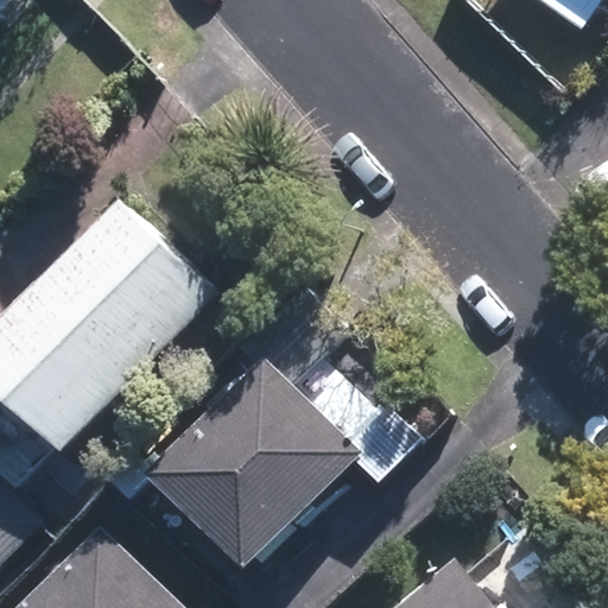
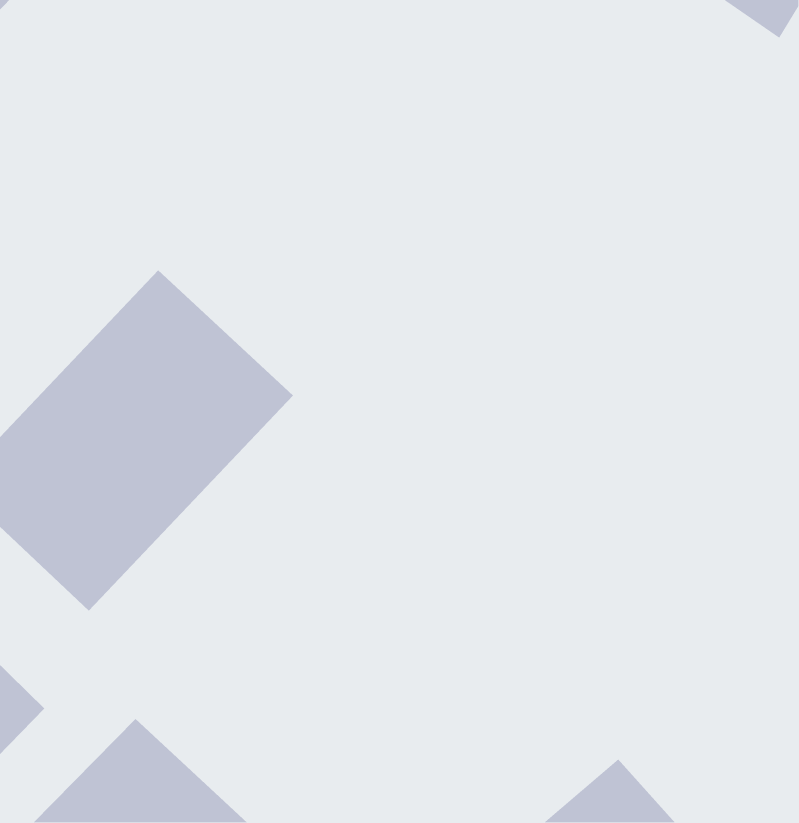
building: [152,357,362,566] -> none

